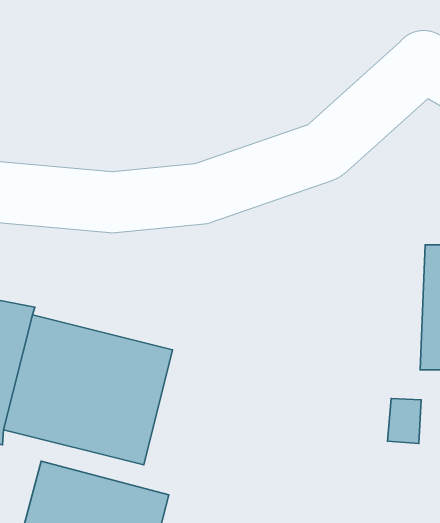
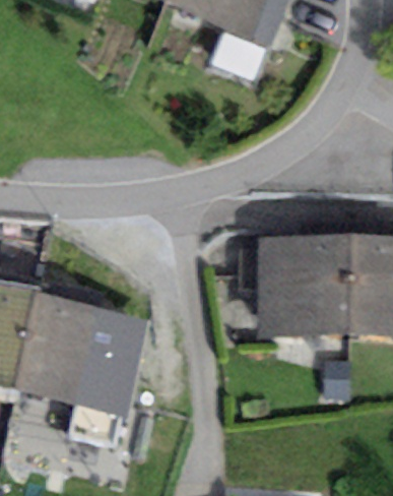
building: none -> [258,234,352,336]

